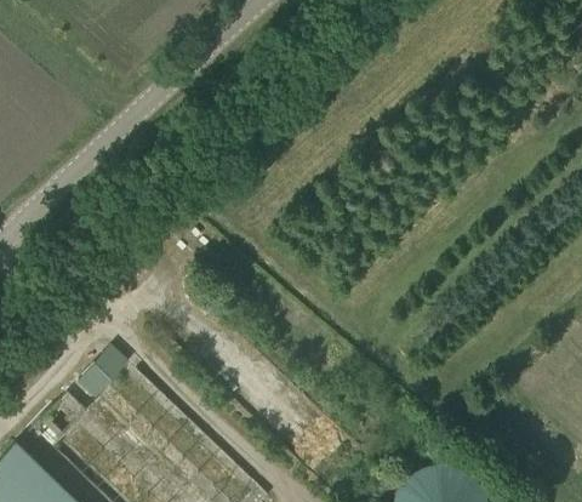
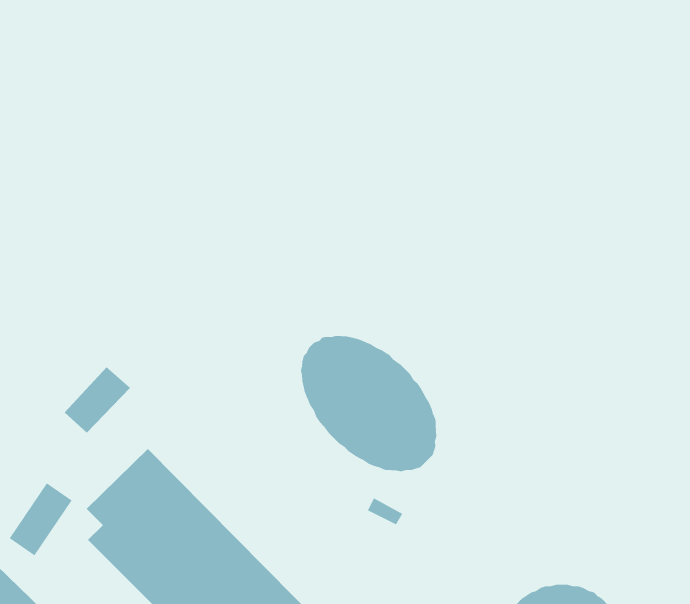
building: none -> [300,335,437,472]
building: [78,344,127,394] -> [64,367,131,434]

